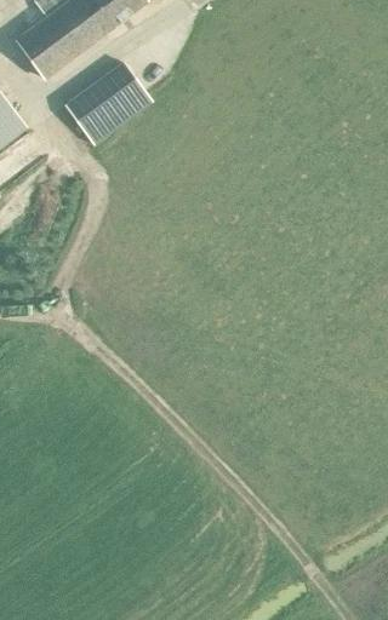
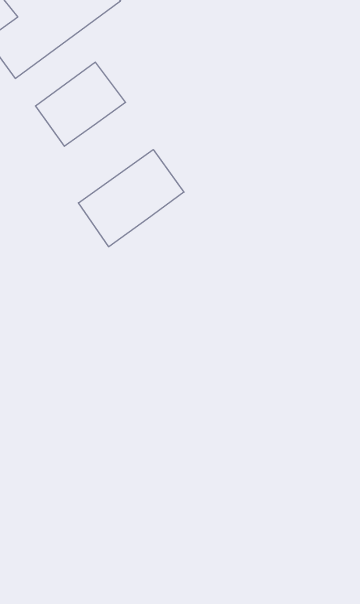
building: none -> [78,150,184,247]

